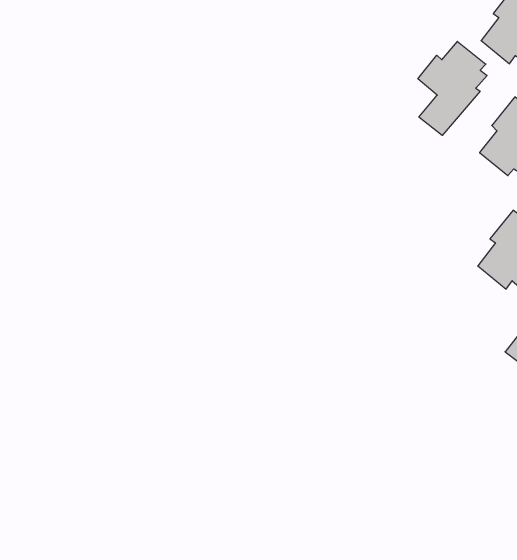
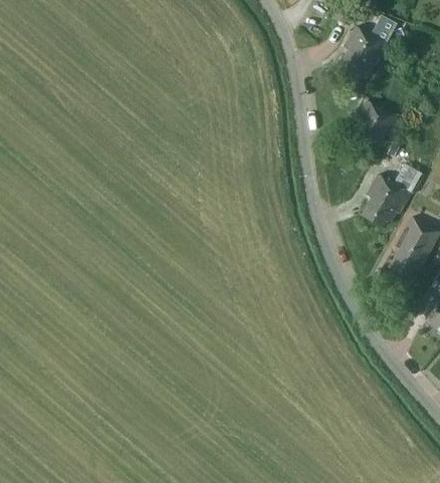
building: [418,41,487,135] -> none

